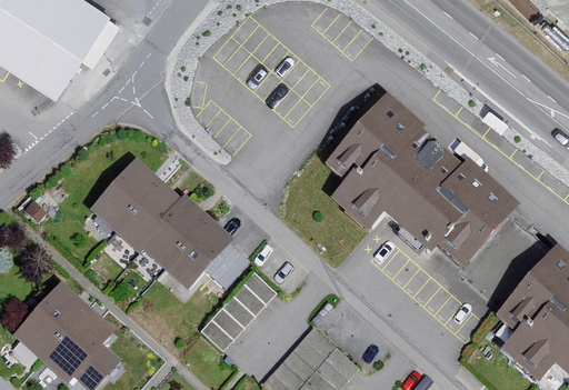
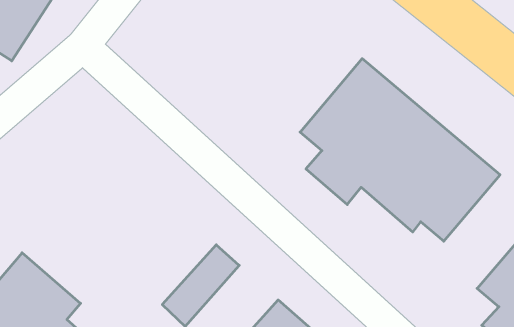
building: [89,156,227,286] -> none

